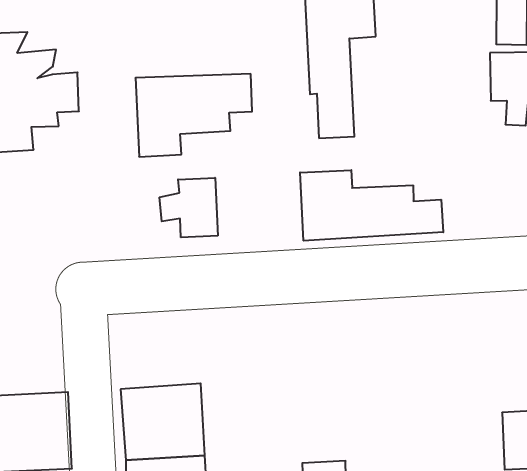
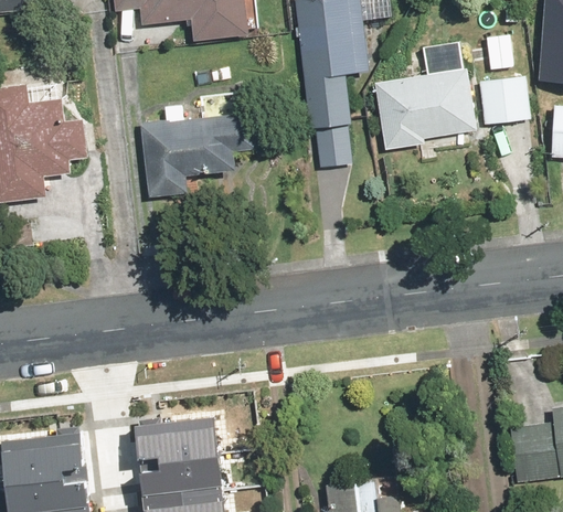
building: none -> [373,41,481,161]
building: [300,170,443,241] -> none
building: [160,178,218,237] -> none

